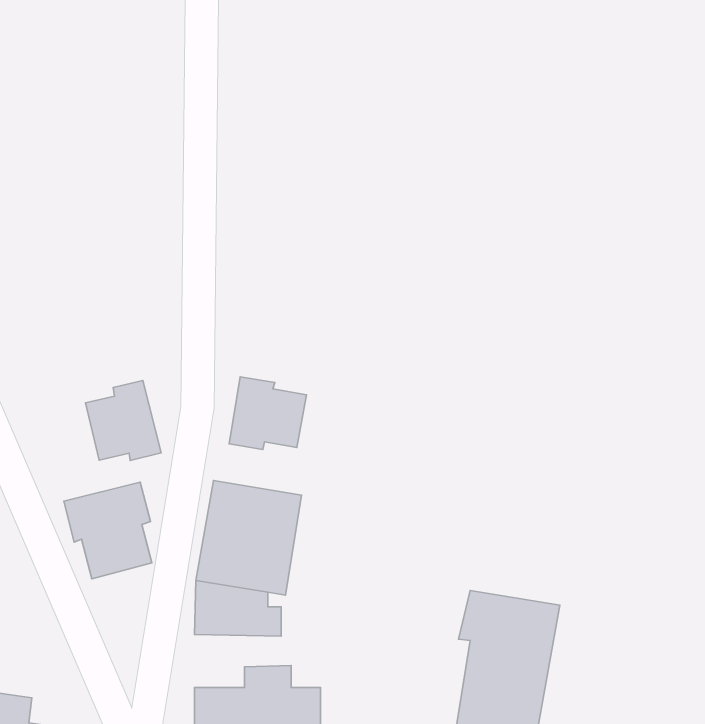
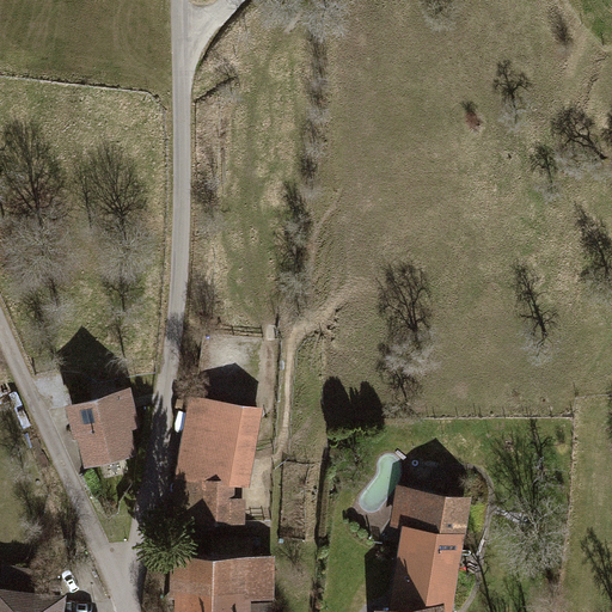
building: [229,377,306,450] -> none
building: [86,380,161,460] -> none

